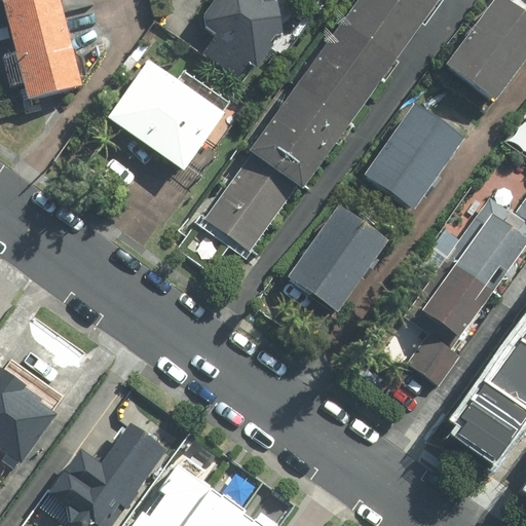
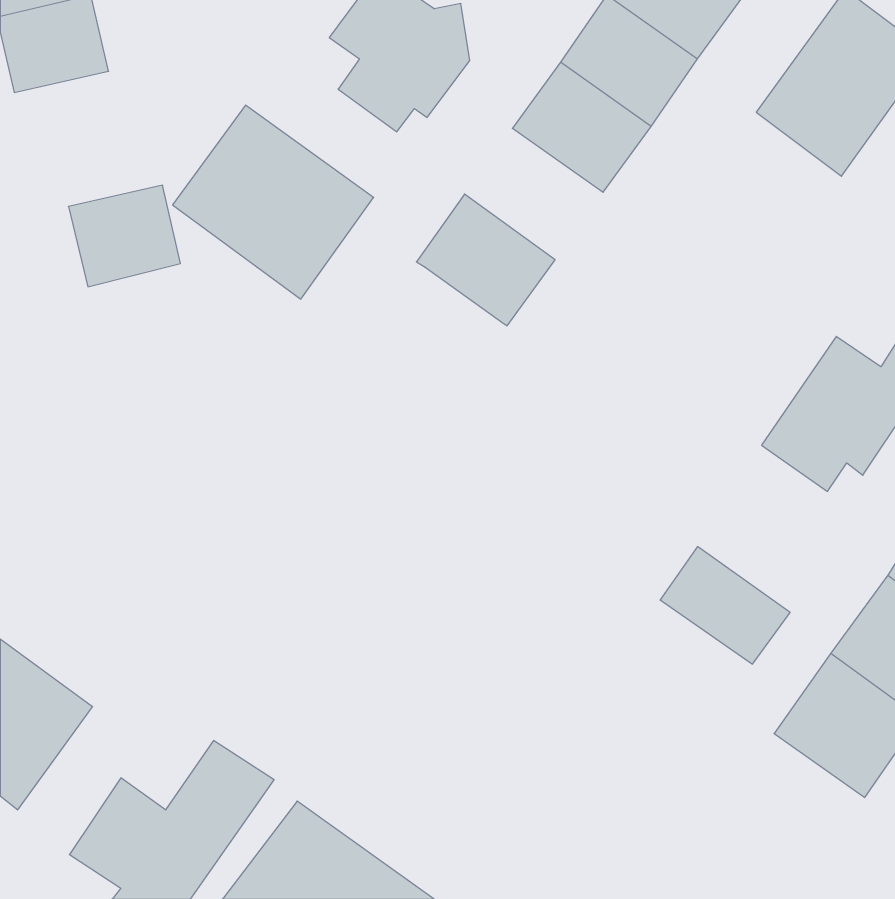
building: [16,41,81,100] -> [68,185,180,287]
building: [276,74,356,150] -> none
building: [361,104,462,212] -> none
building: [210,154,298,249] -> none
building: [287,206,386,312] -> none
building: [413,257,486,338] -> none

